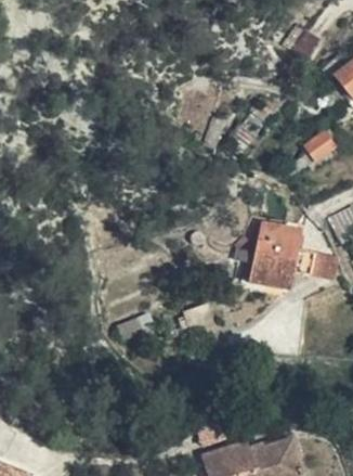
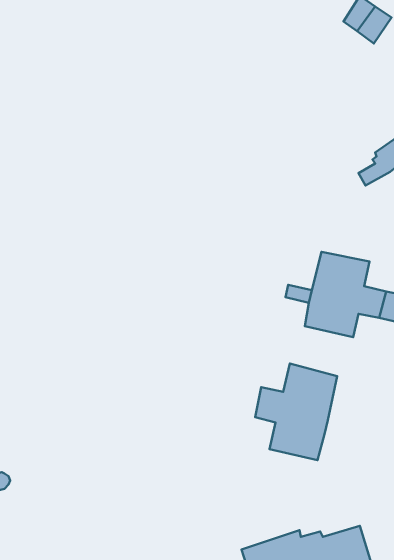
building: none -> [255,364,337,460]

